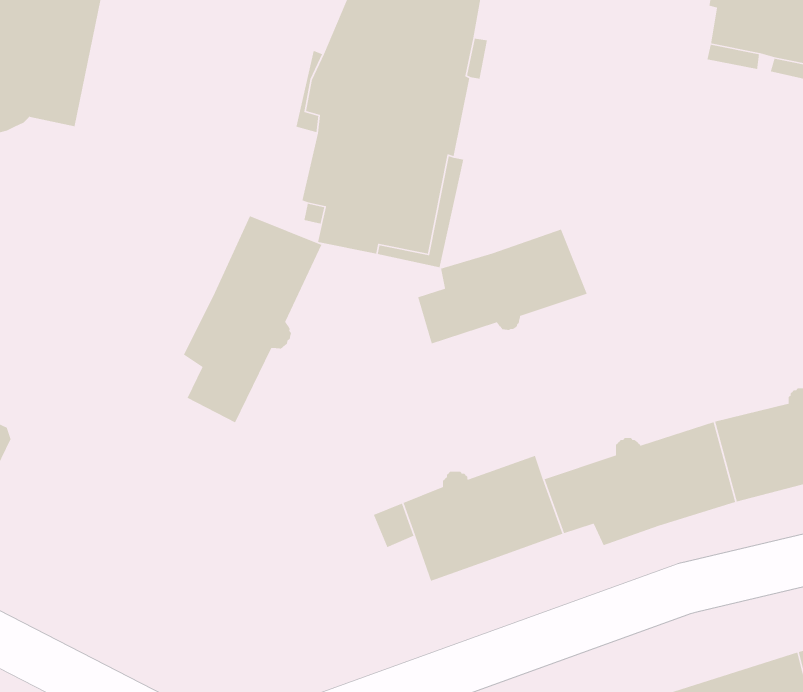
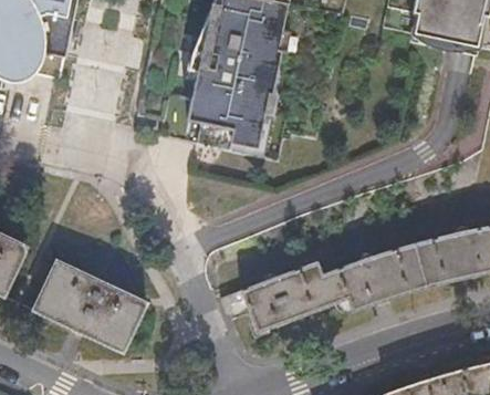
building: [183,215,323,424] -> none
building: [417,228,588,344] -> none
building: none -> [40,260,145,349]

